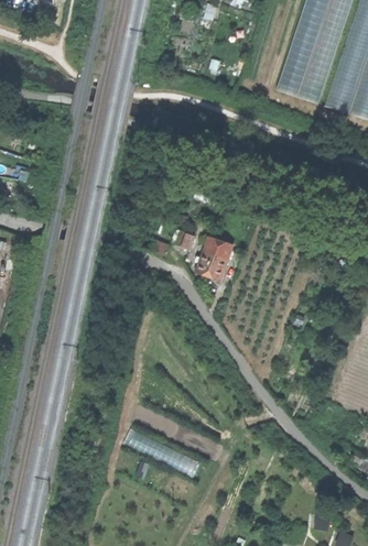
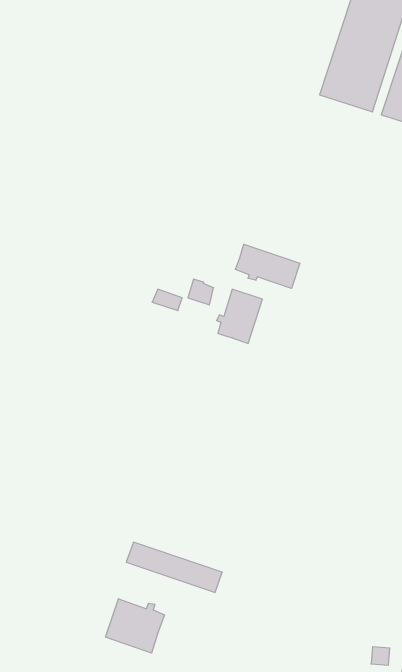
building: none -> [235,244,300,288]
building: none -> [106,599,164,653]

